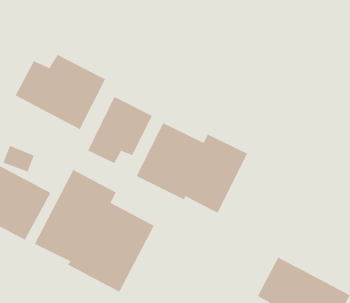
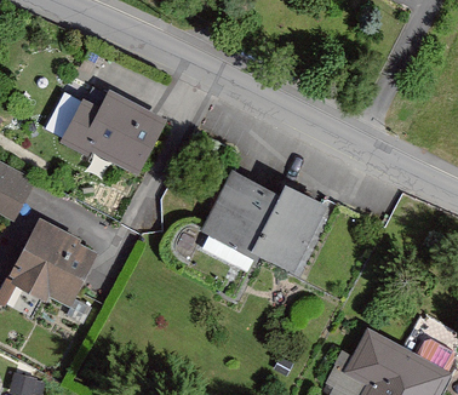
building: [87,96,153,164] -> none
building: [34,169,155,293] -> none

